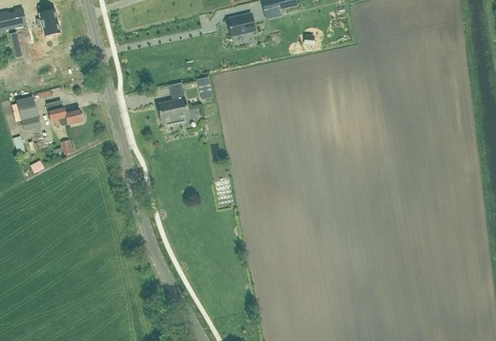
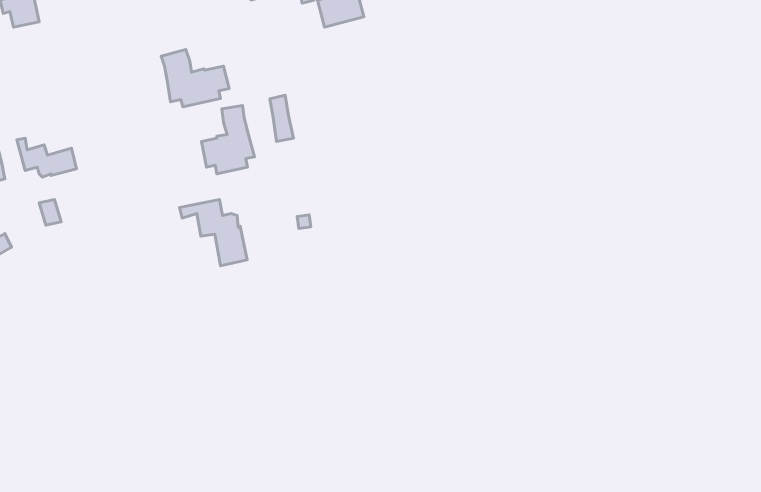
building: none -> [161,50,229,107]
building: none -> [179,200,247,266]

